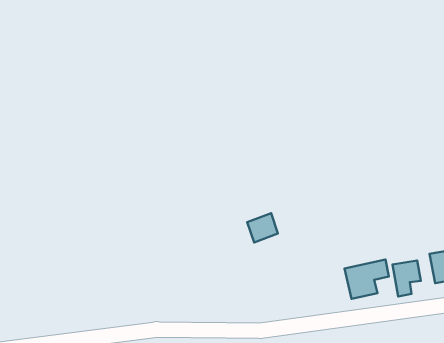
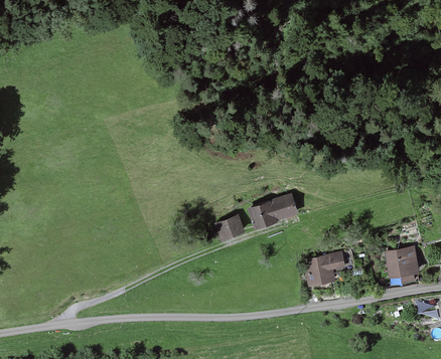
building: none -> [251,194,302,228]
building: [393,260,421,296] -> none

